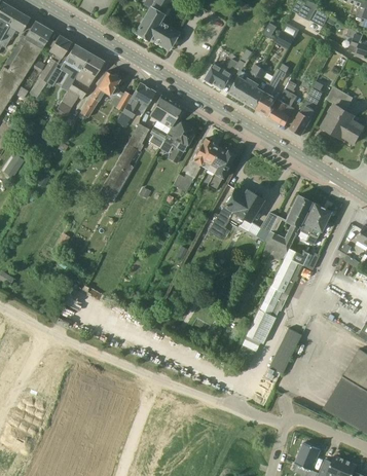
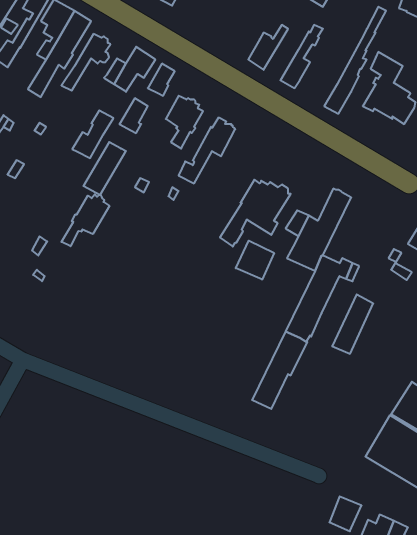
building: [206,49,253,89] -> none
building: [242,68,269,109] -> none
building: [266,82,297,126] -> none
building: [149,102,182,140] -> [72,110,113,158]
building: [208,147,233,190] -> none
building: none -> [61,194,109,246]
building: [300,204,330,246] -> none
building: none -> [236,241,274,280]
building: [267,327,300,374] -> [332,294,373,354]

